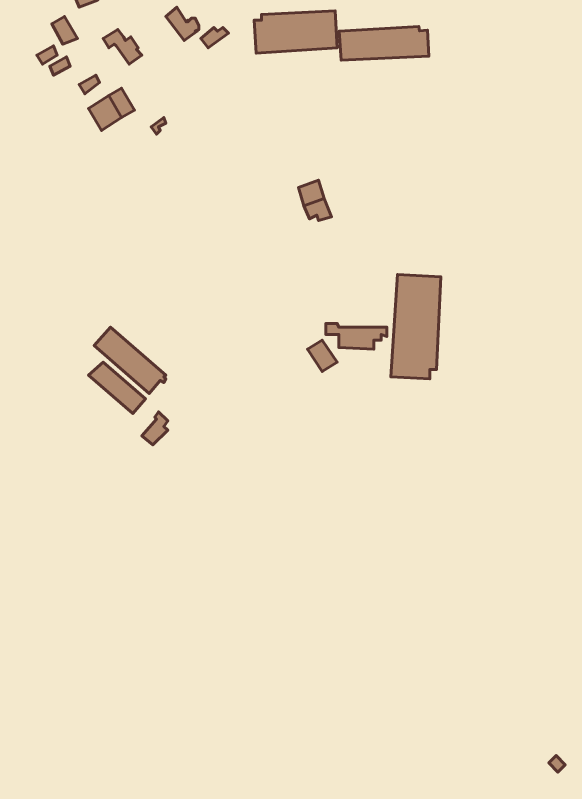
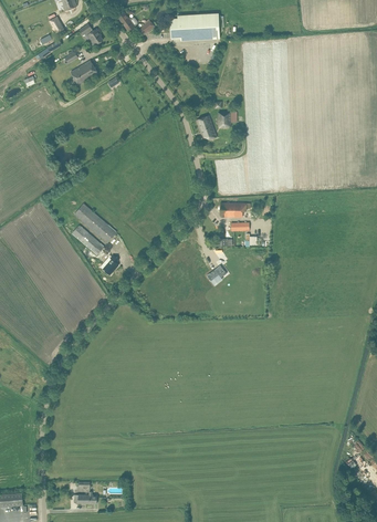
building: [339,26,429,60] -> none
building: [391,275,441,379] -> none

